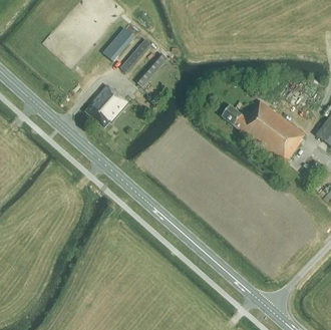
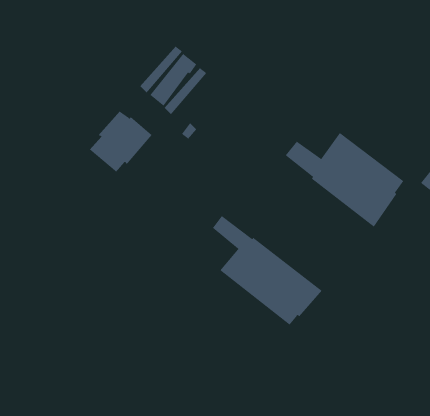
building: [101,27,133,60] -> none
building: none -> [212,215,323,325]

